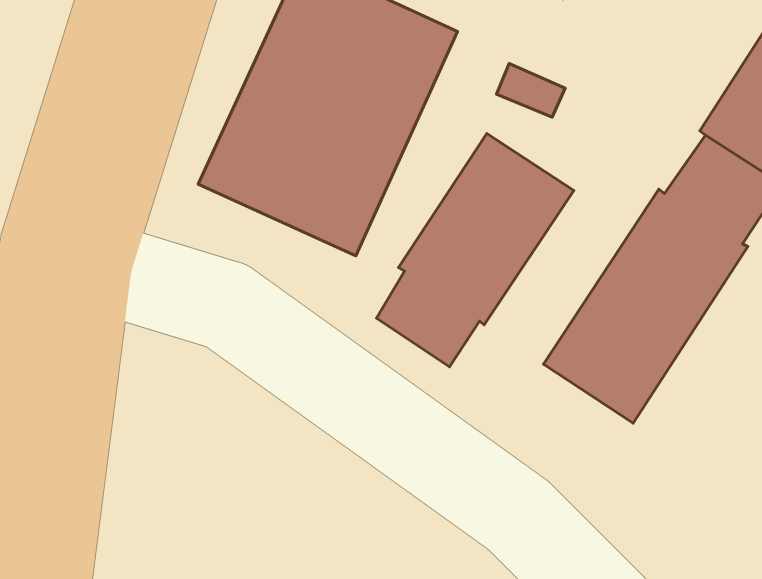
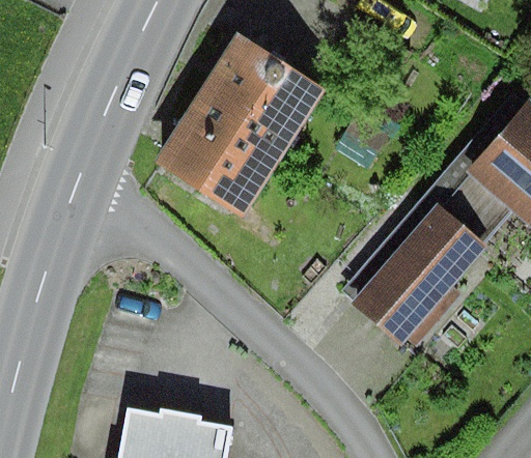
building: [377,133,574,367] -> none

